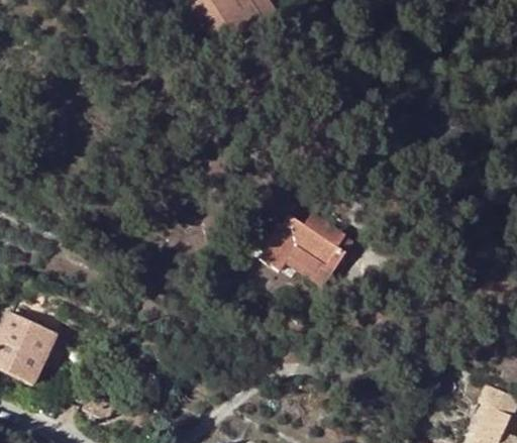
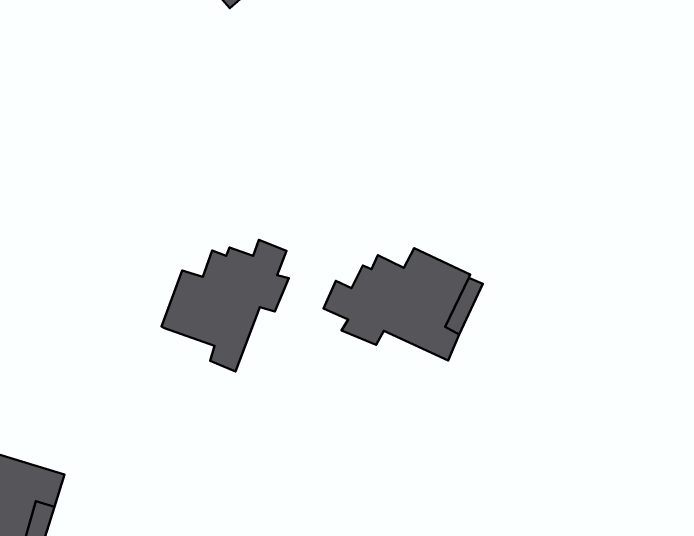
building: none -> [161,240,289,372]

